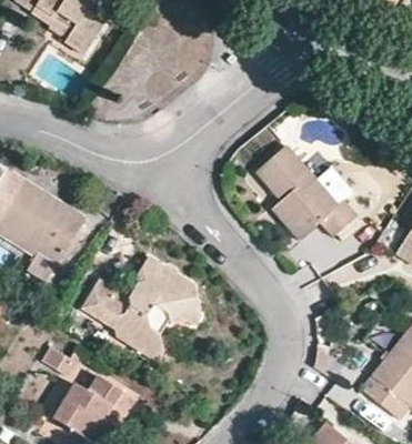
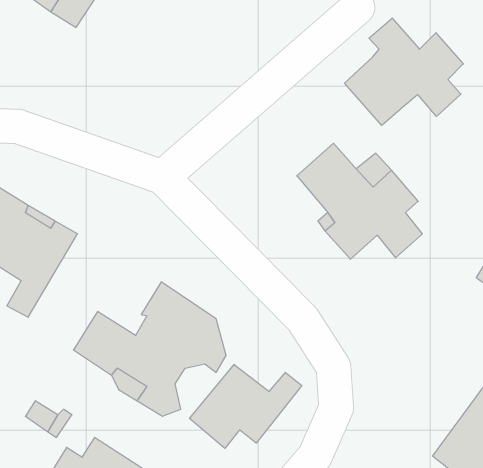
building: none -> [345,18,463,125]
building: none -> [190,364,302,448]

